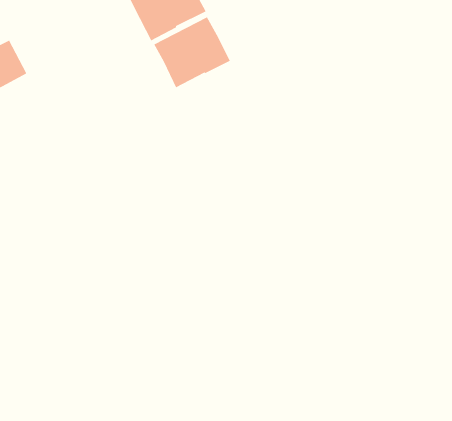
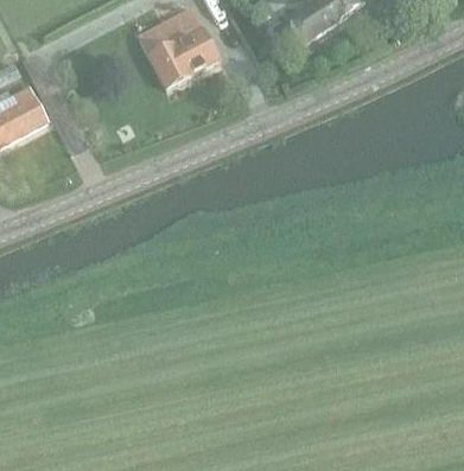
building: [153,17,231,88] -> none

